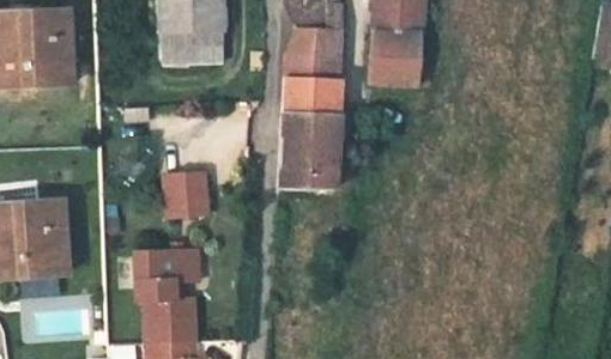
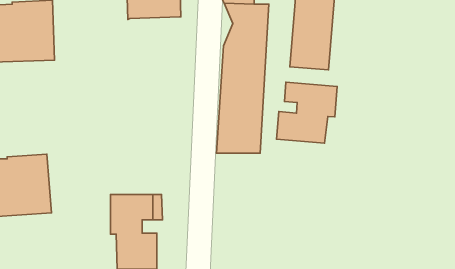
building: [165,29,229,59] -> none
building: none -> [277,82,337,143]
building: [173,171,214,217] -> none

